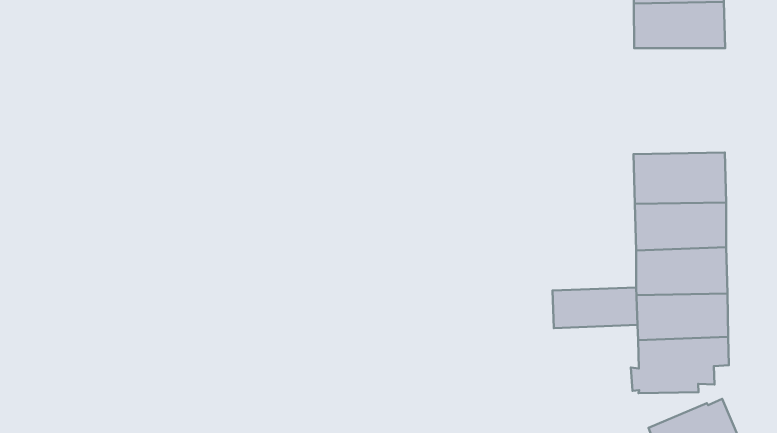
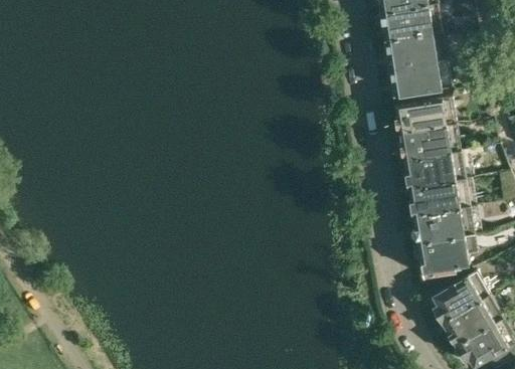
building: none -> [389,62,449,99]
building: none -> [394,100,454,135]
building: [553,287,637,328] -> none

